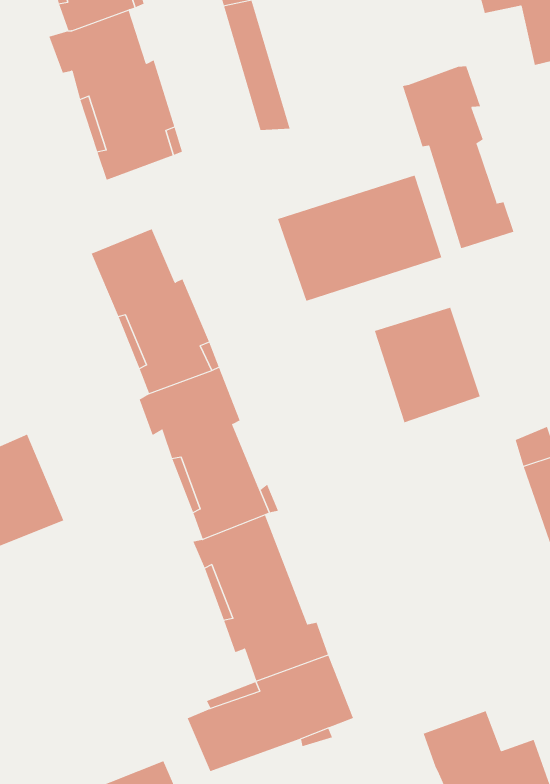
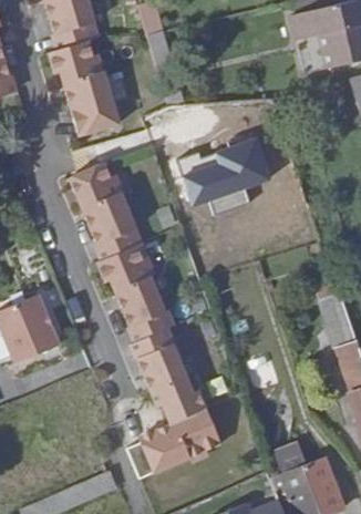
building: [402,65,514,249] -> none
building: [374,307,481,423] -> none

